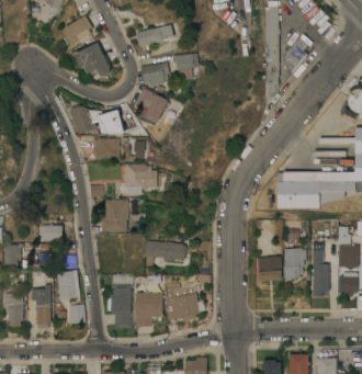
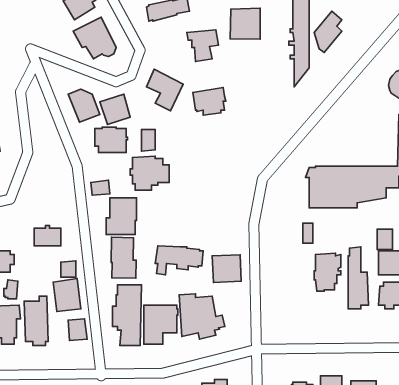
building: none -> [230,8,260,39]
building: [142,63,170,87] -> [193,87,226,115]
building: none -> [111,237,136,278]
building: [258,257,283,281] -> [212,255,241,282]

